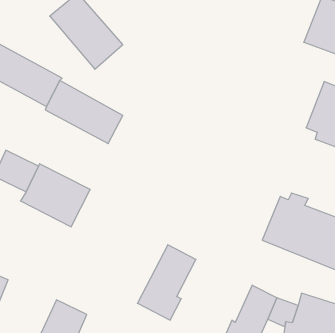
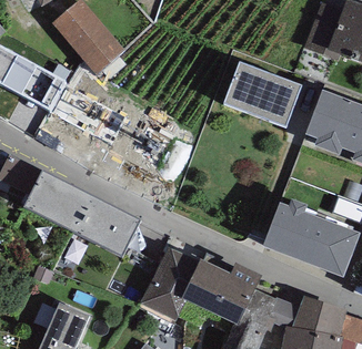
building: none -> [223,61,301,126]
building: none -> [73,194,140,255]
building: none -> [178,259,261,325]

